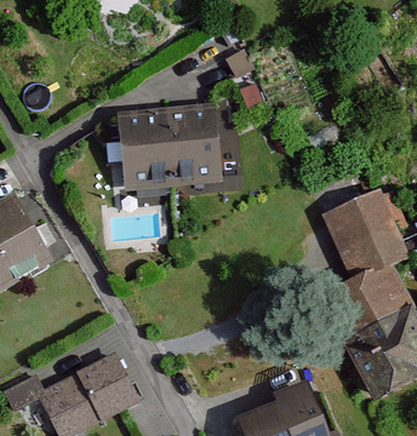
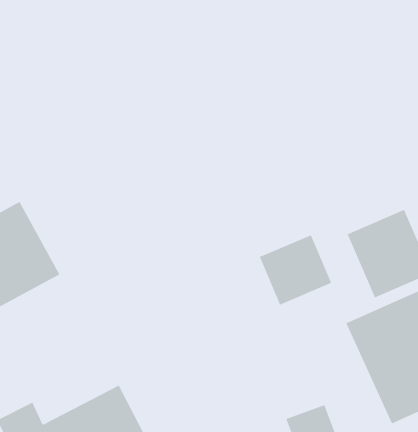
building: [121,109,222,190] -> none
building: none -> [259,234,332,305]

